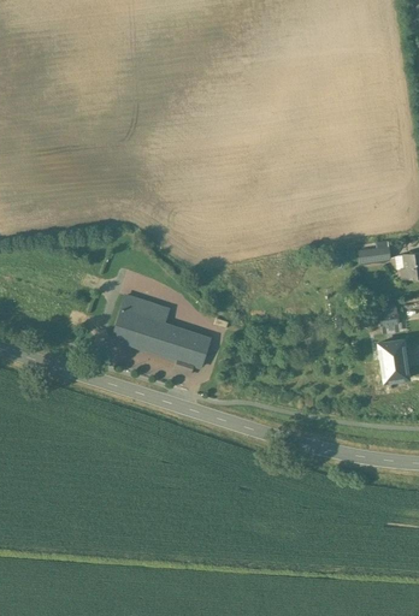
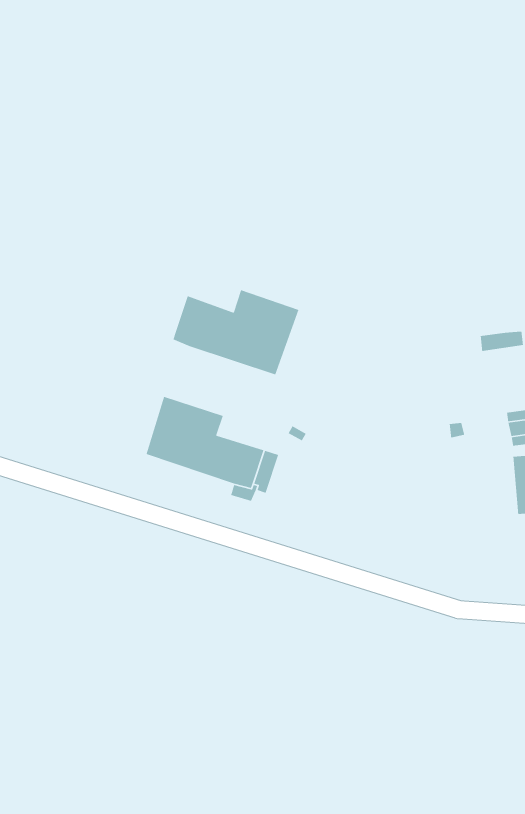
building: none -> [172,289,299,376]

